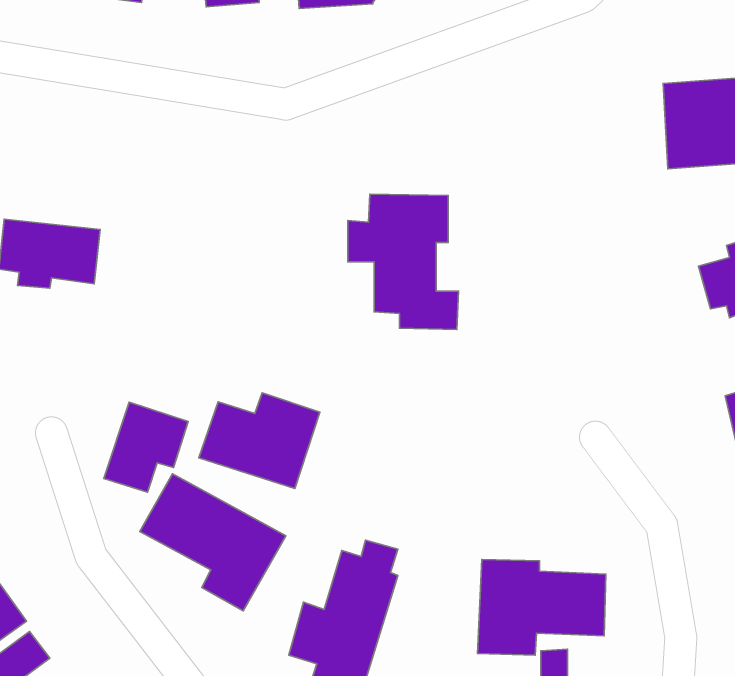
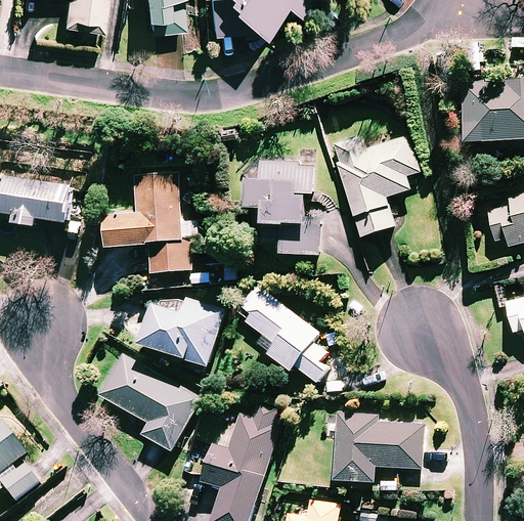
building: none -> [331,131,419,236]
building: none -> [103,171,196,272]
building: none -> [234,287,325,381]
building: [104,402,188,492] -> none

